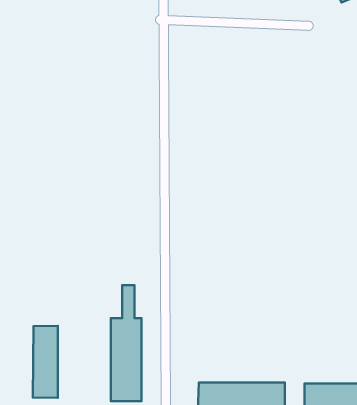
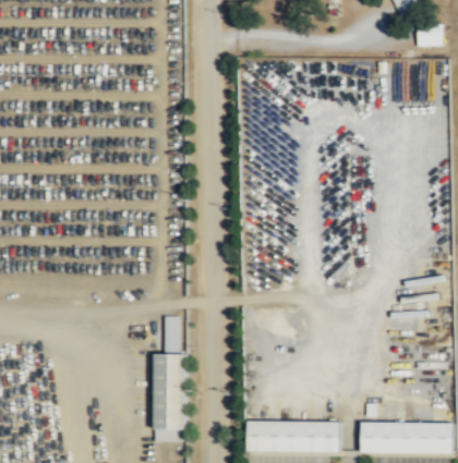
building: [33,326,58,398] -> none

